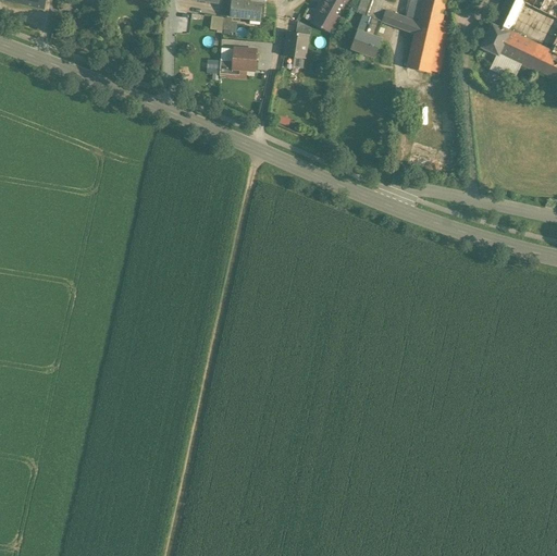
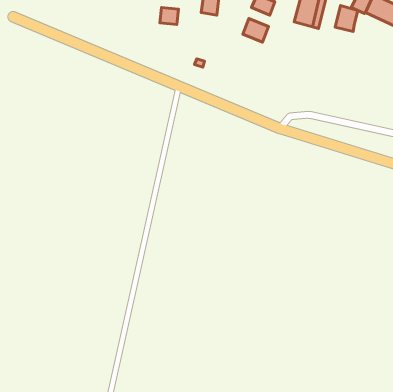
building: none -> [335,6,358,31]
building: none -> [243,19,269,42]

